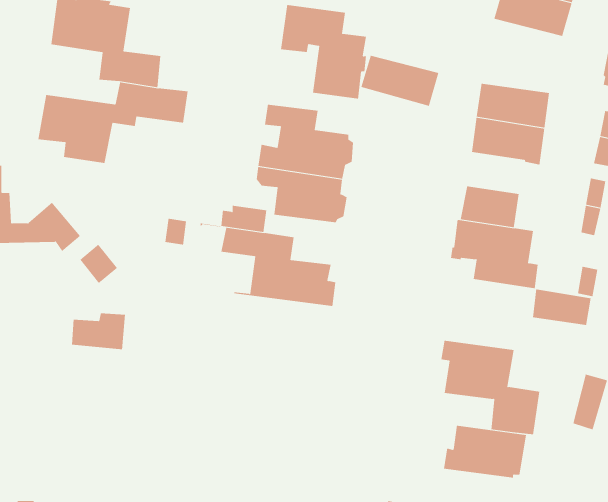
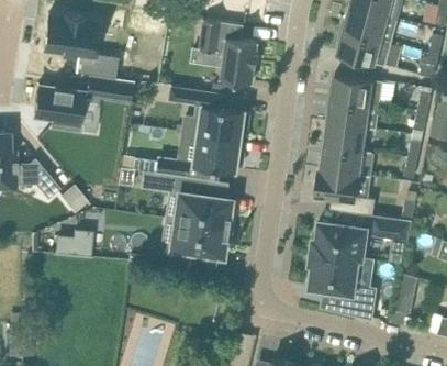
building: [361,55,439,106] -> [337,32,391,67]
building: none -> [325,123,365,152]
building: none -> [147,220,234,274]
building: [443,425,527,478] -> [310,222,367,258]

